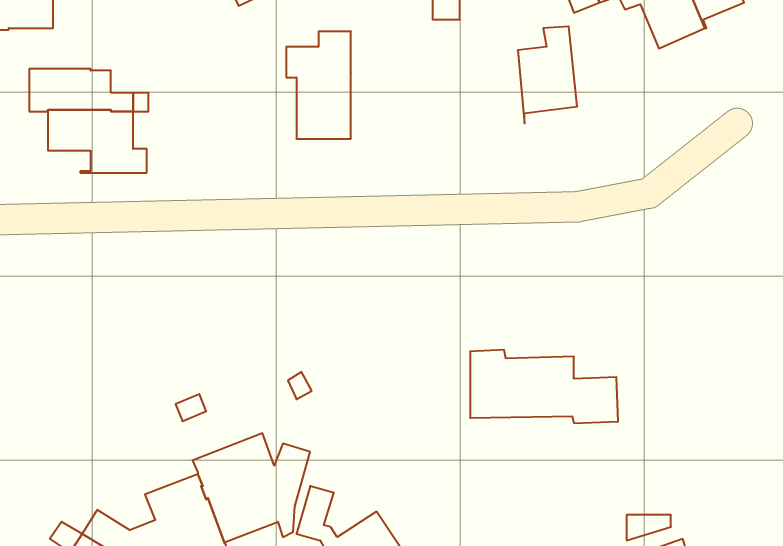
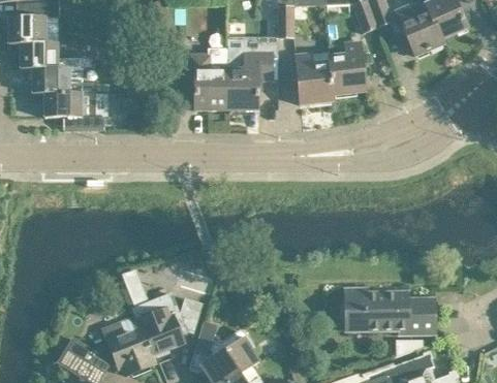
building: none -> [227,35,272,110]
building: none -> [20,43,84,69]
building: none -> [296,52,333,104]
building: [470,350,618,423] -> [345,289,435,333]

